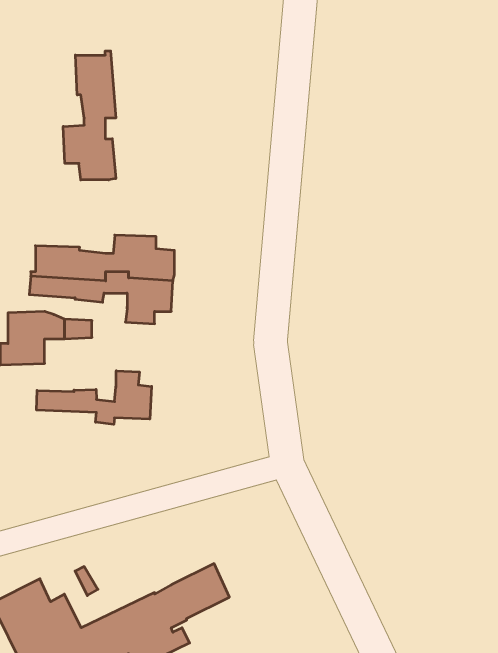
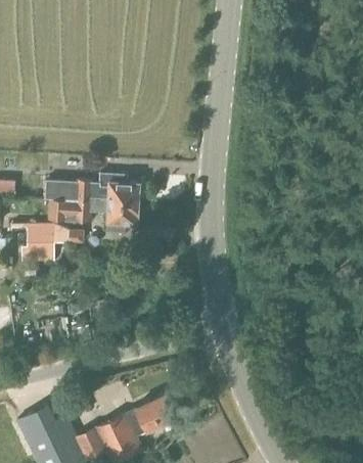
building: [63,51,116,180] -> none
building: [37,371,152,424] -> none

